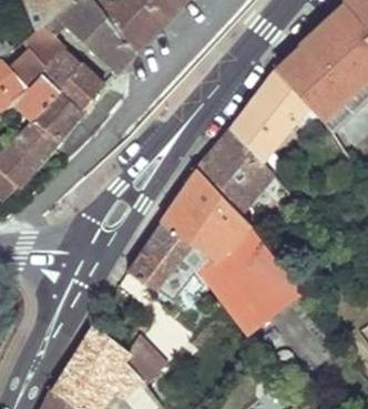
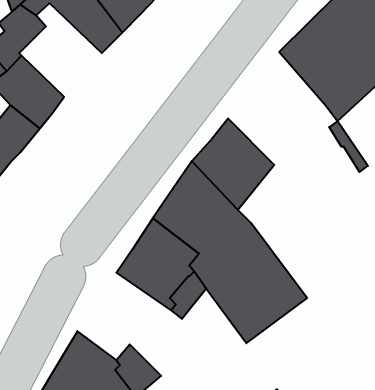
building: [40,47,103,111] -> none
building: [231,70,319,173] -> none

